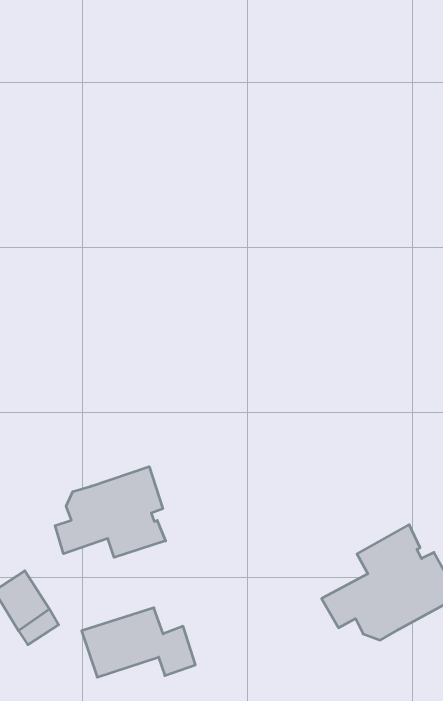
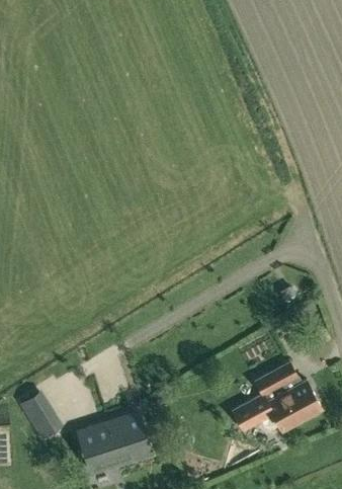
building: [55,467,166,557] -> none

